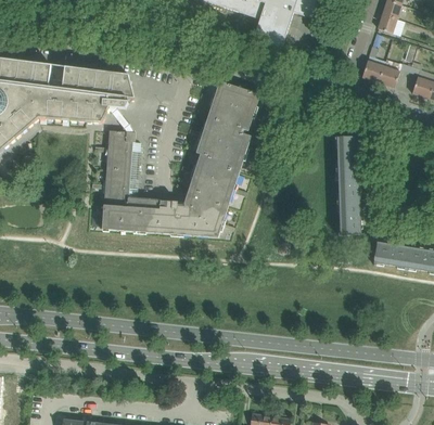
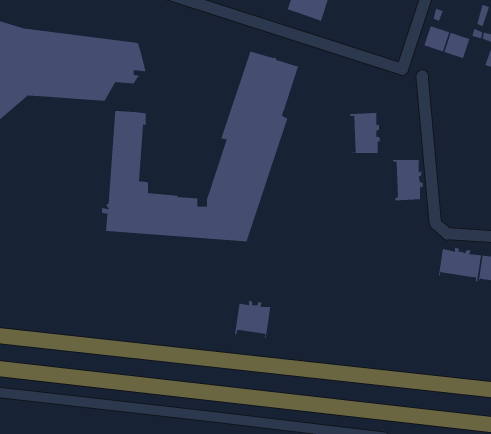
building: [334,136,360,169] -> [349,112,381,154]
building: [337,202,362,234] -> none
building: none -> [235,300,271,339]

